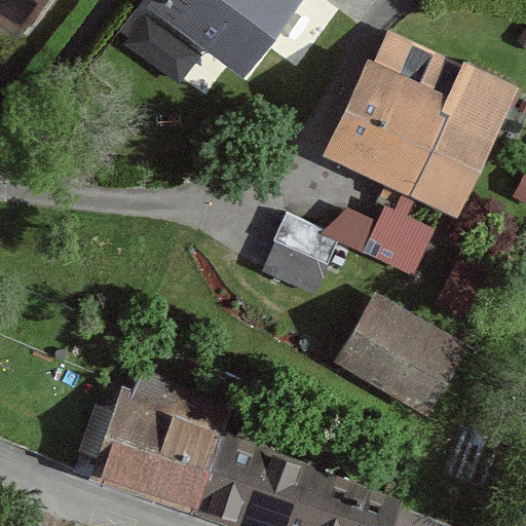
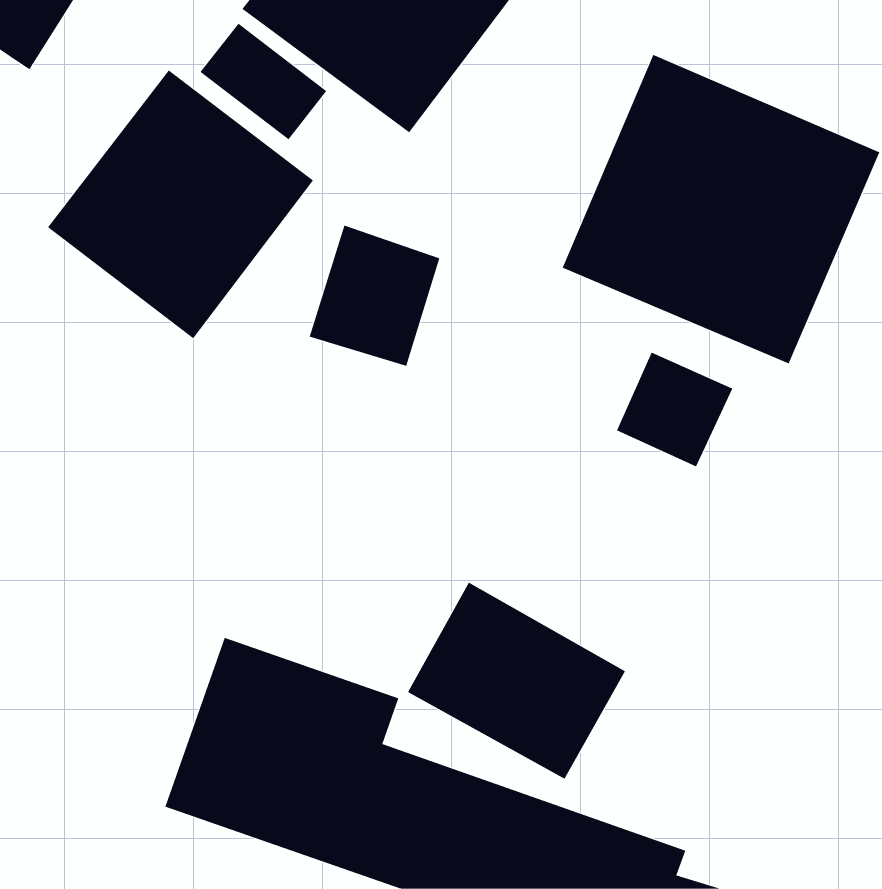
building: none -> [47,70,314,339]
building: [257,218,334,301] -> [309,225,440,367]
building: [336,298,464,414] -> [407,582,626,780]

